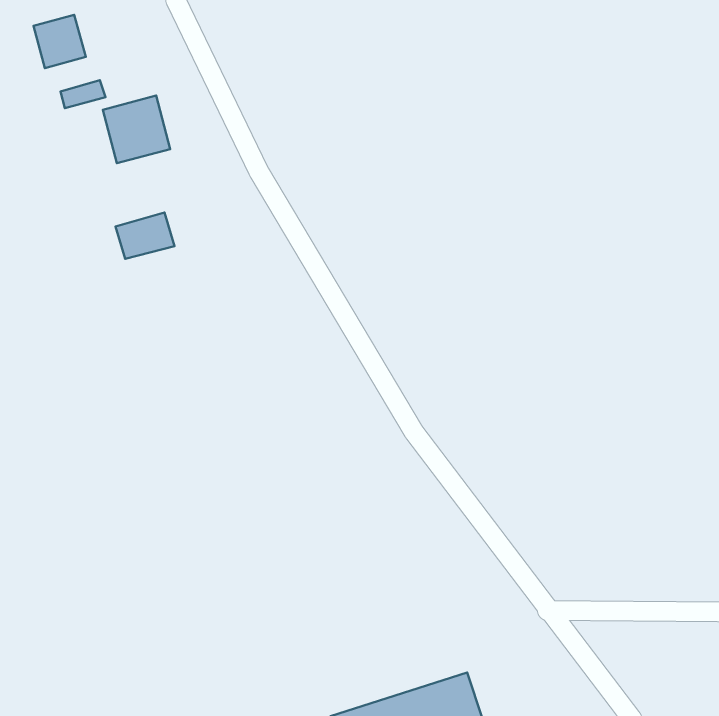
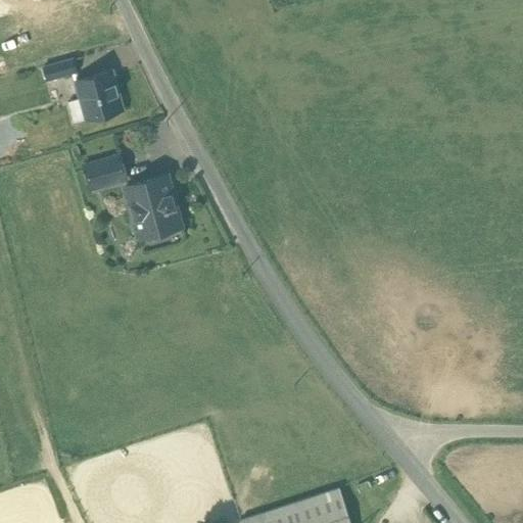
building: [33,15,86,68] -> none
building: none -> [127,177,180,238]

